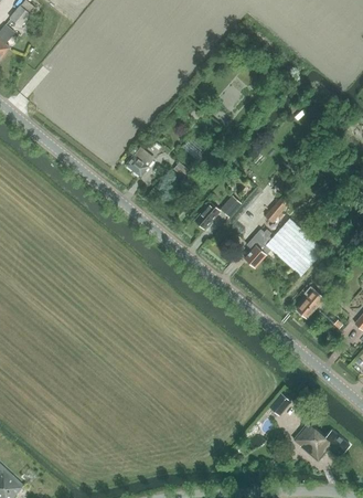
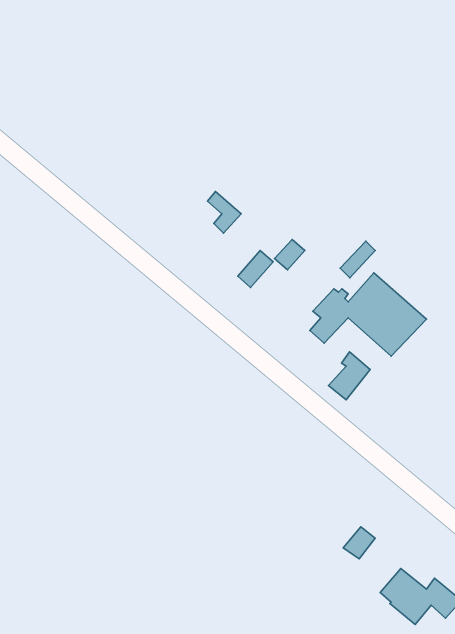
building: [126,147,153,177] -> none
building: [296,286,324,319] -> [329,352,370,400]

